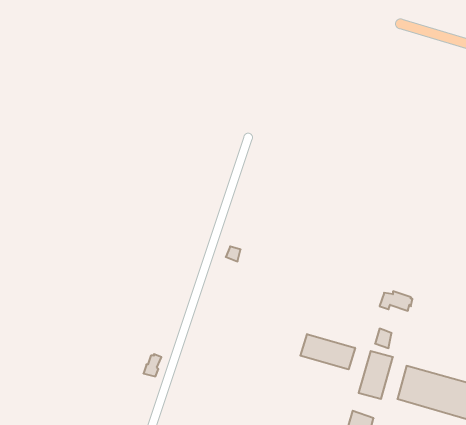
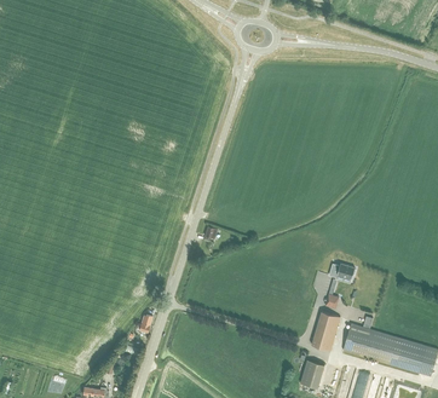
building: [300,334,355,369] -> none

